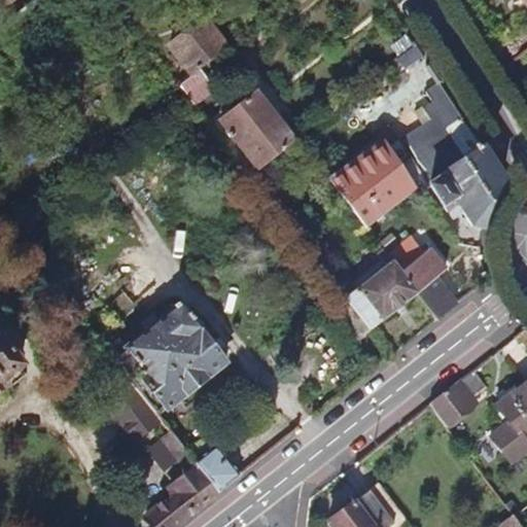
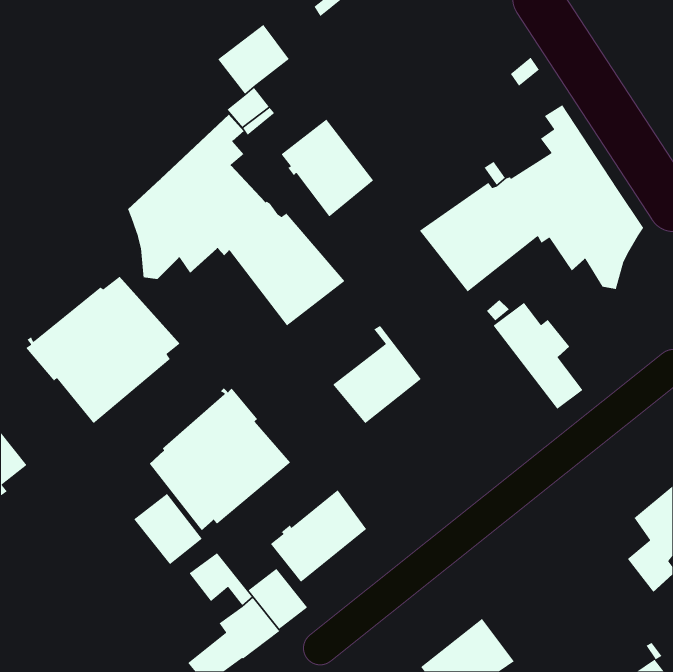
building: none -> [127,114,345,326]
building: none -> [25,276,180,424]
building: [345,251,415,328] -> [332,325,422,424]
building: [428,359,498,427] -> none
building: none -> [270,489,367,583]

